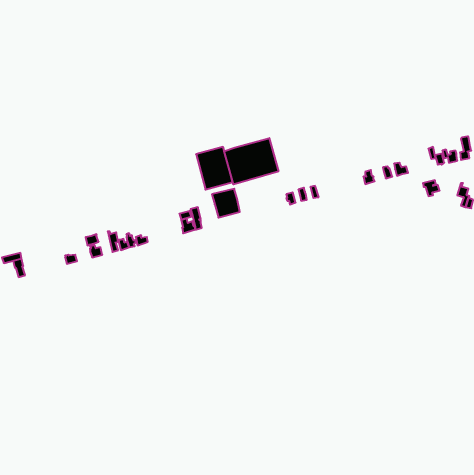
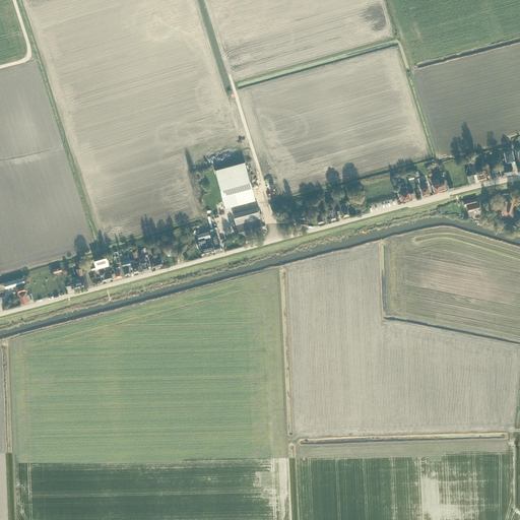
building: [224,138,278,184] -> none

